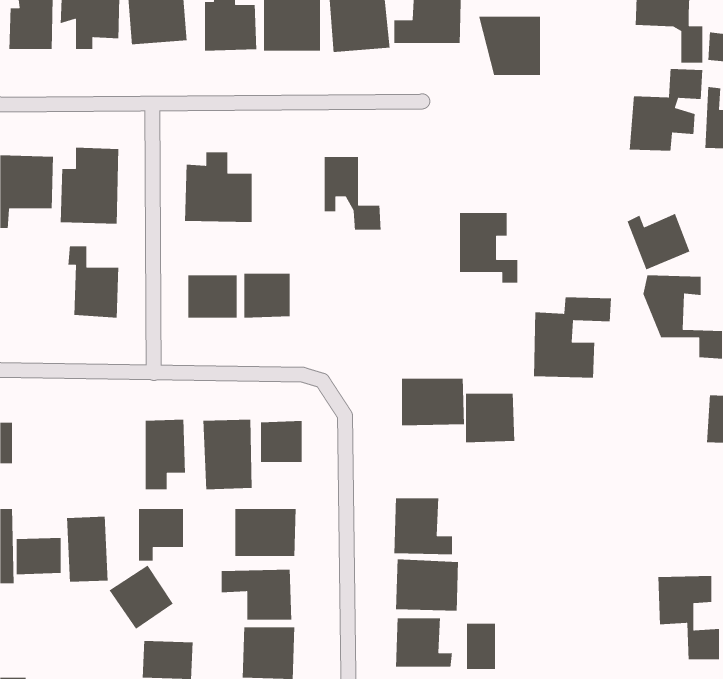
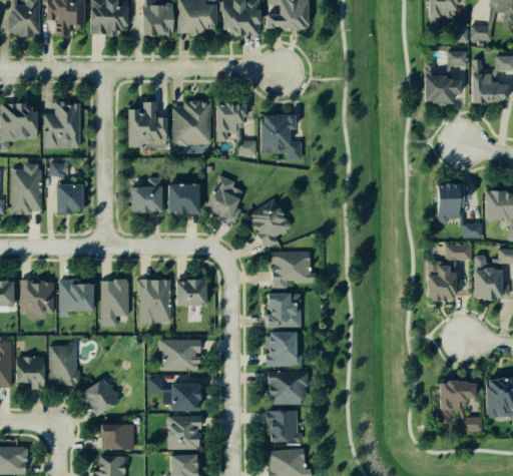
building: [478,16,541,76] -> none
building: none -> [175,95,213,148]
building: [459,212,518,283] -> [263,112,302,159]
building: [626,213,691,271] -> none
building: none -> [11,159,46,220]
building: none -> [204,173,245,222]
building: [533,296,612,378] -> [427,244,479,298]
building: none -> [246,199,294,246]
building: [465,393,515,443] -> [264,295,297,328]
building: none -> [22,281,56,321]
building: [138,508,184,561] -> [60,284,90,319]
building: [466,623,496,670] -> none

